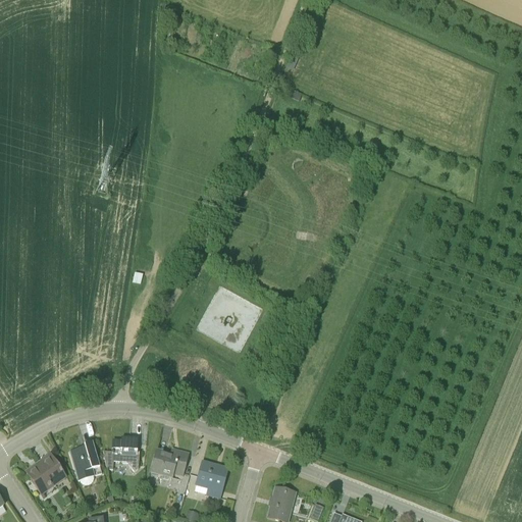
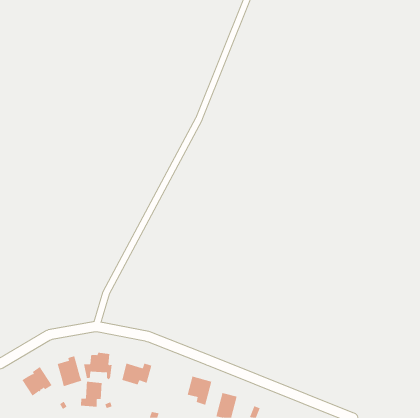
building: [196,461,227,498] -> [187,376,212,405]
building: none -> [80,381,102,408]

